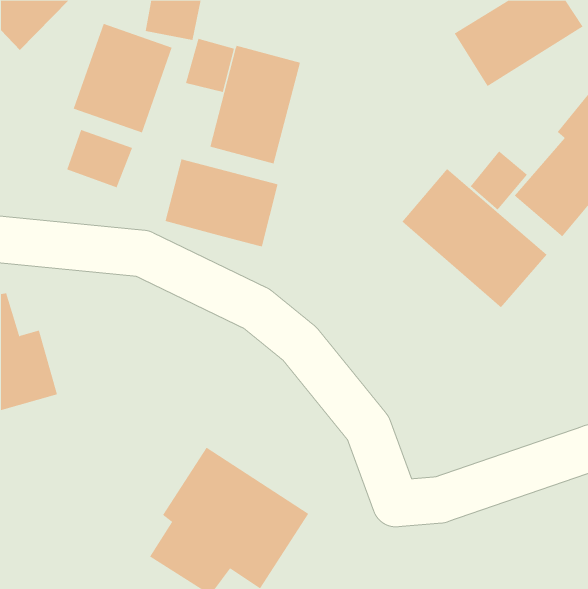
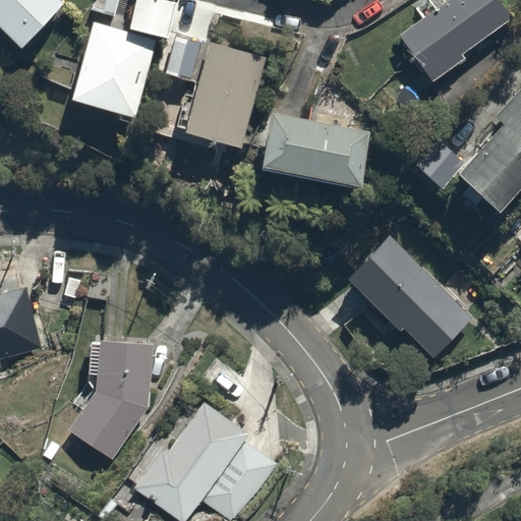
building: none -> [258,84,370,189]
building: [67,129,133,188] -> none
building: [165,159,278,247] -> none
building: [402,168,547,308] -> [349,235,477,358]
building: none -> [67,342,151,460]

